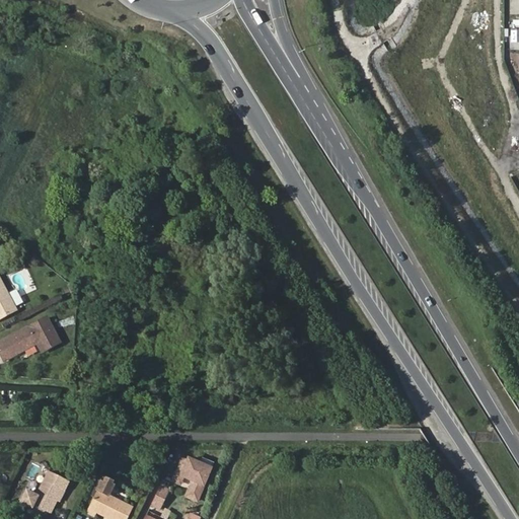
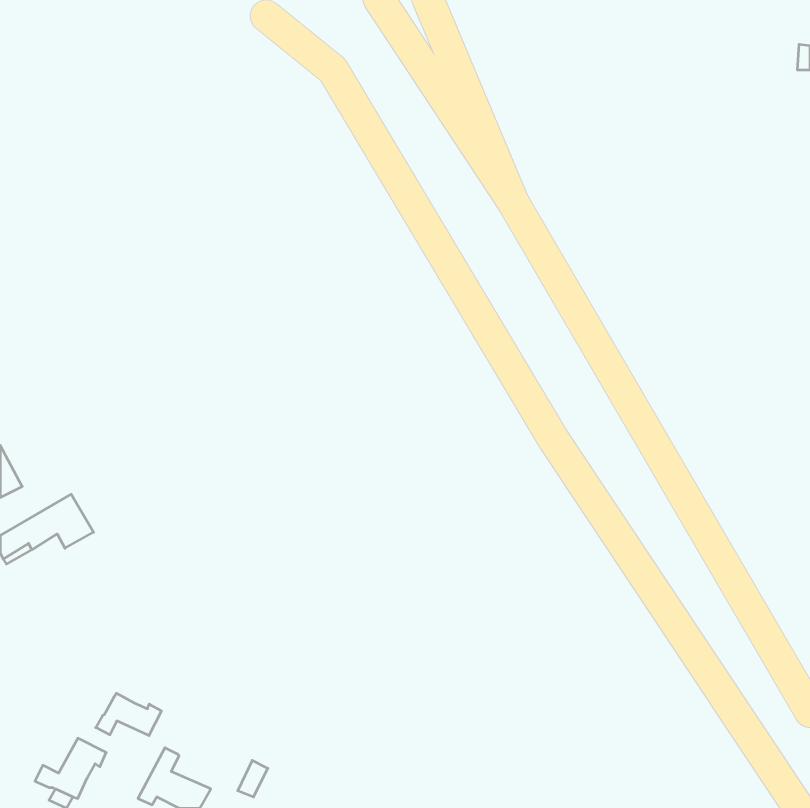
building: none -> [96,693,161,736]
building: [173,458,211,500] -> none

